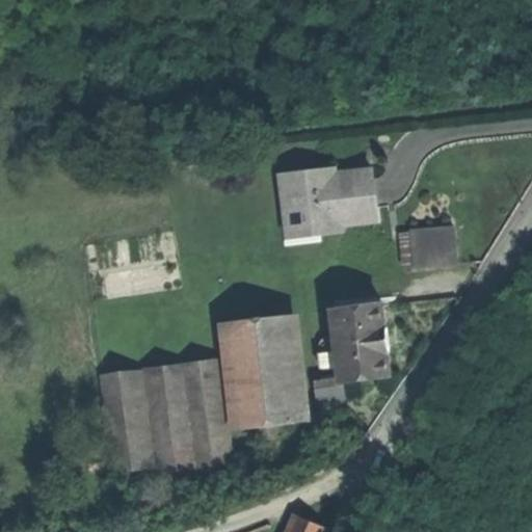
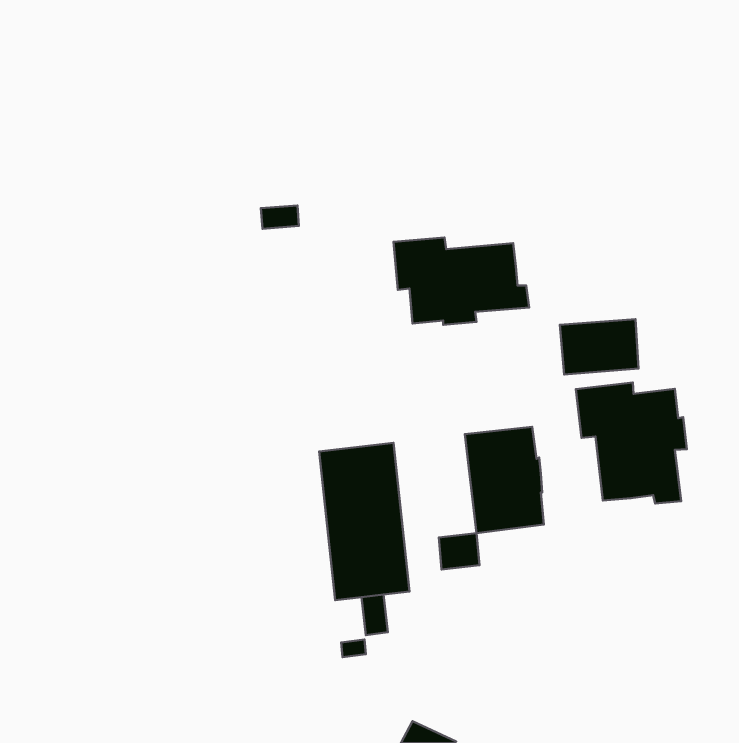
building: none -> [576,383,687,503]
building: [148,361,227,468] -> none
building: [101,370,151,469] -> none

